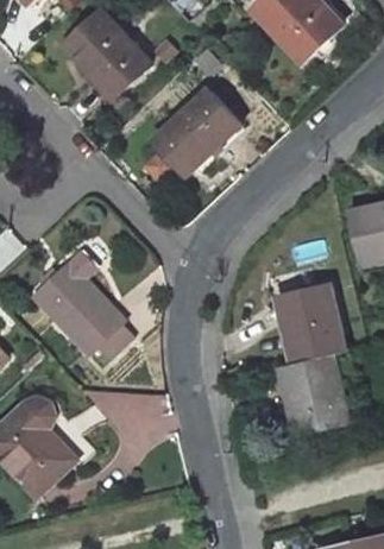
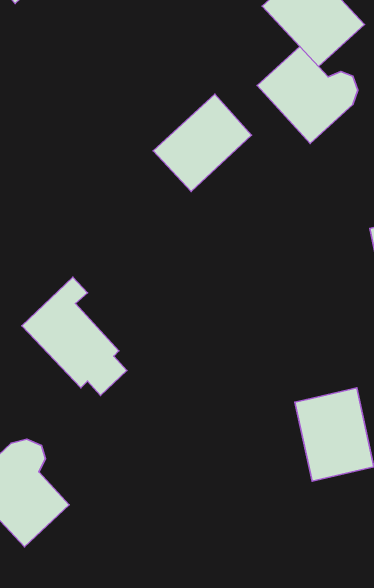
building: [59,7,150,99] -> none
building: none -> [257,47,358,143]
building: [275,280,345,362] -> none

